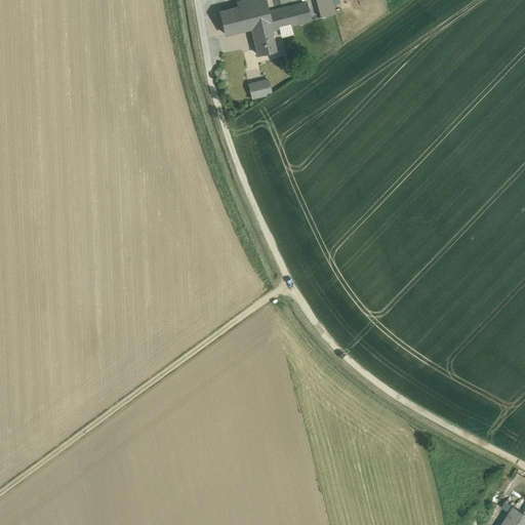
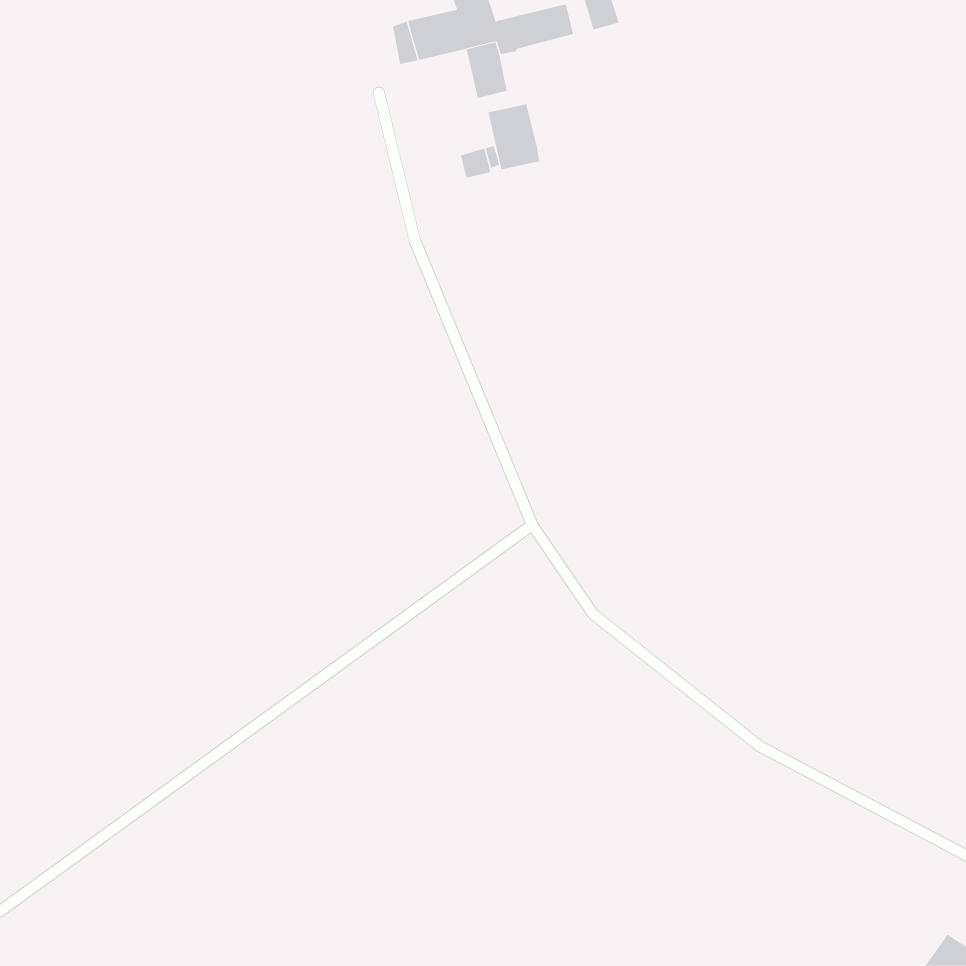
building: none -> [488,104,540,170]

